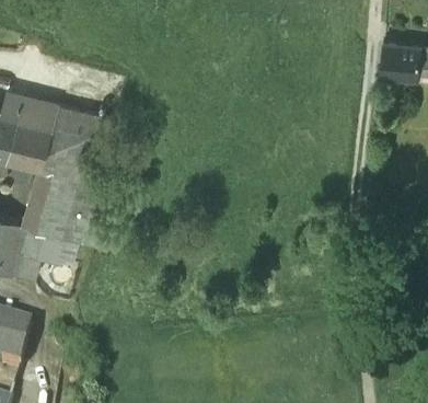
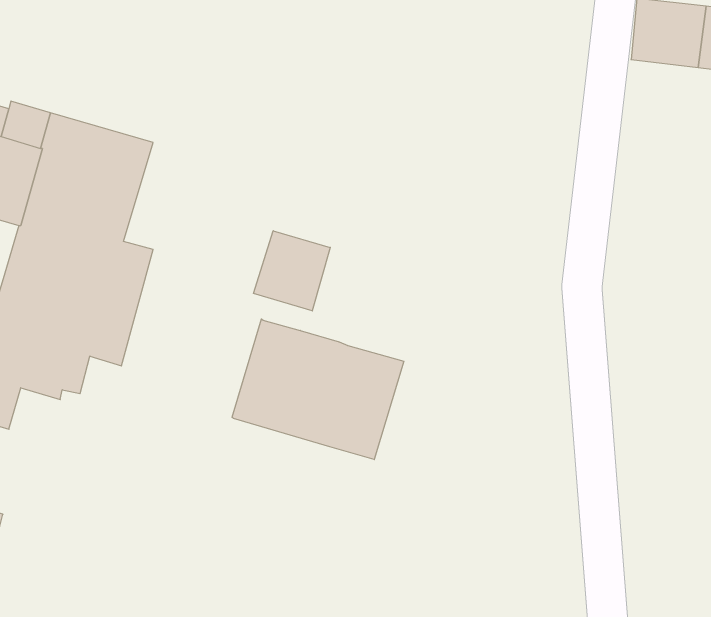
building: none -> [254,231,330,311]
building: none -> [232,319,404,460]

